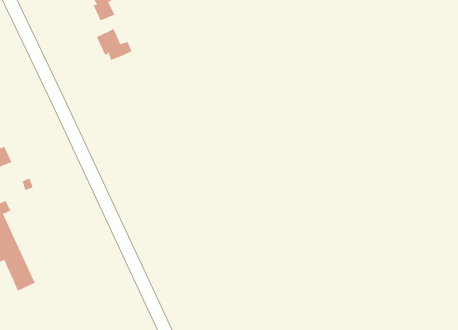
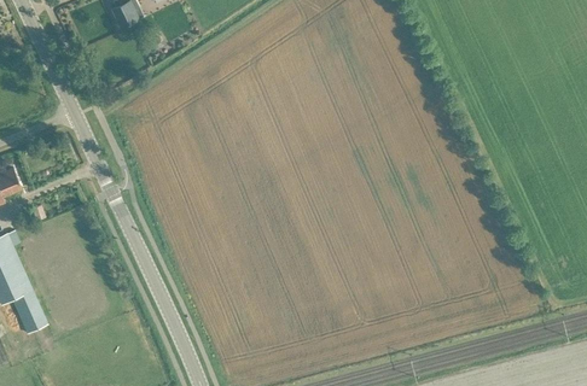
building: [96,28,132,61] -> none

